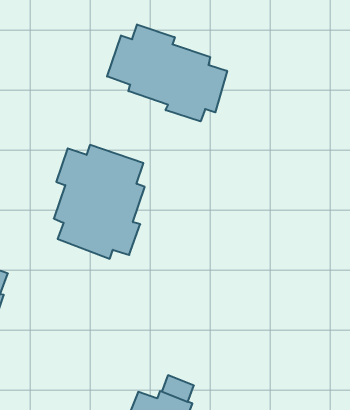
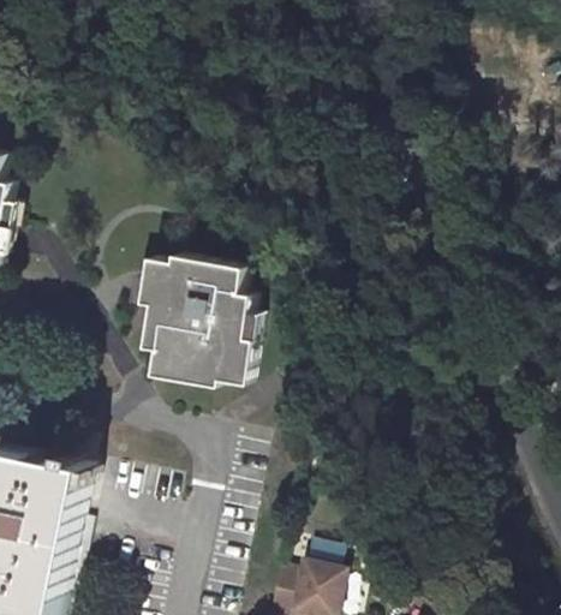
building: [107,24,227,121] -> none

